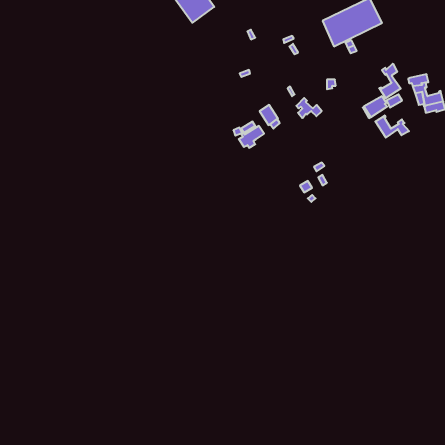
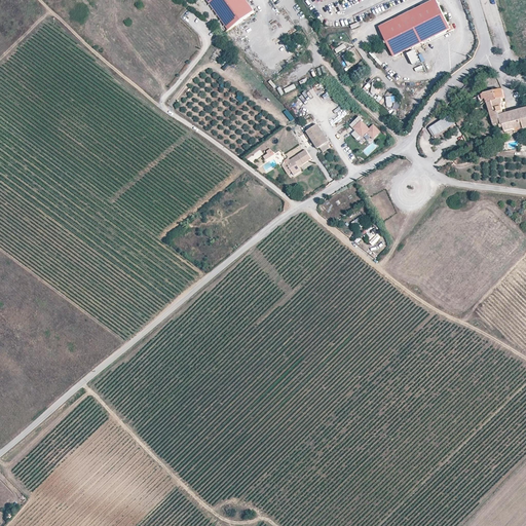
building: [379,64,401,98] -> none
building: [375,115,409,138] -> none

